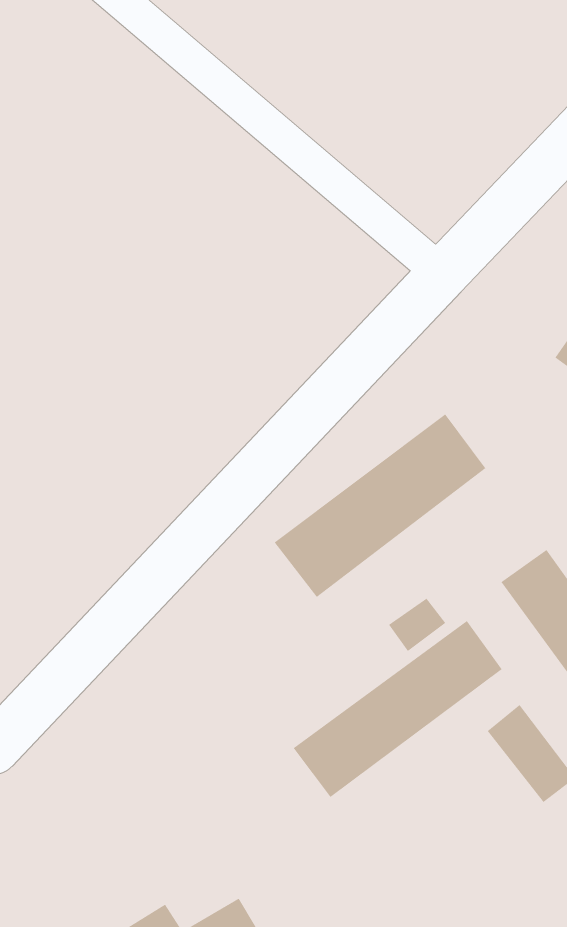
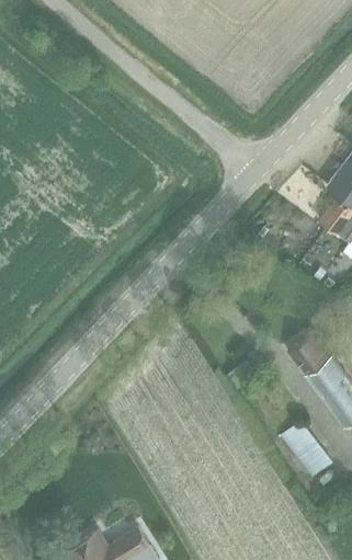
building: [274,413,486,598] -> none
building: [293,620,503,798] -> none

